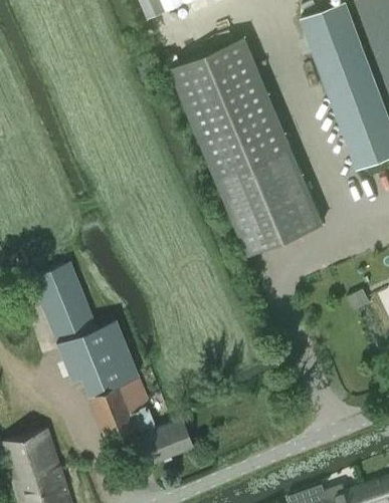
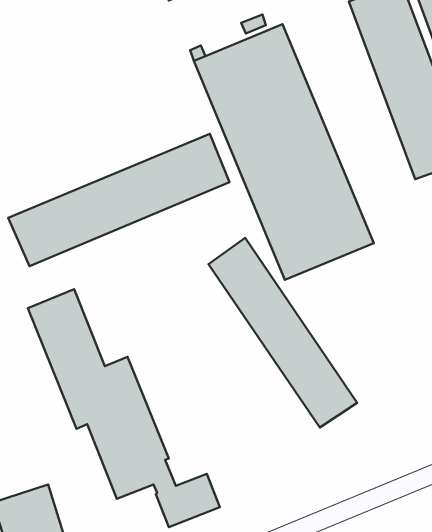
building: none -> [8,134,230,266]
building: none -> [208,238,357,428]

